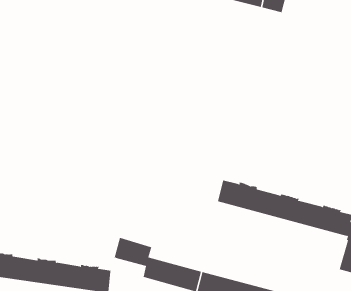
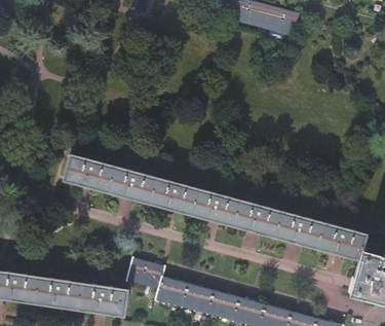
building: none -> [65,156,235,222]

